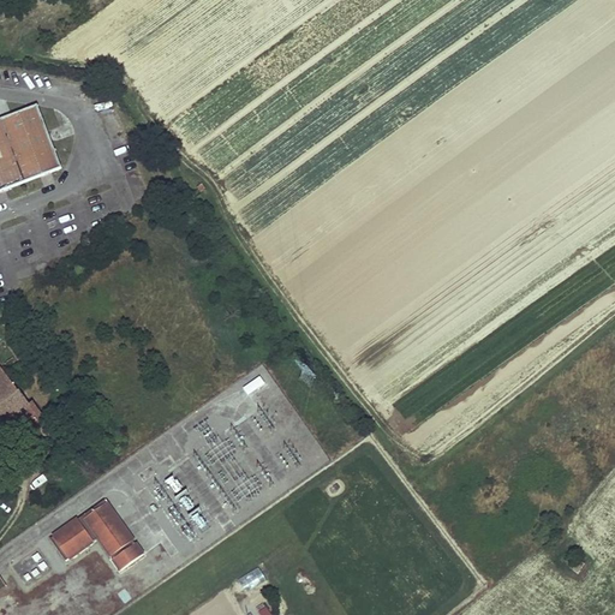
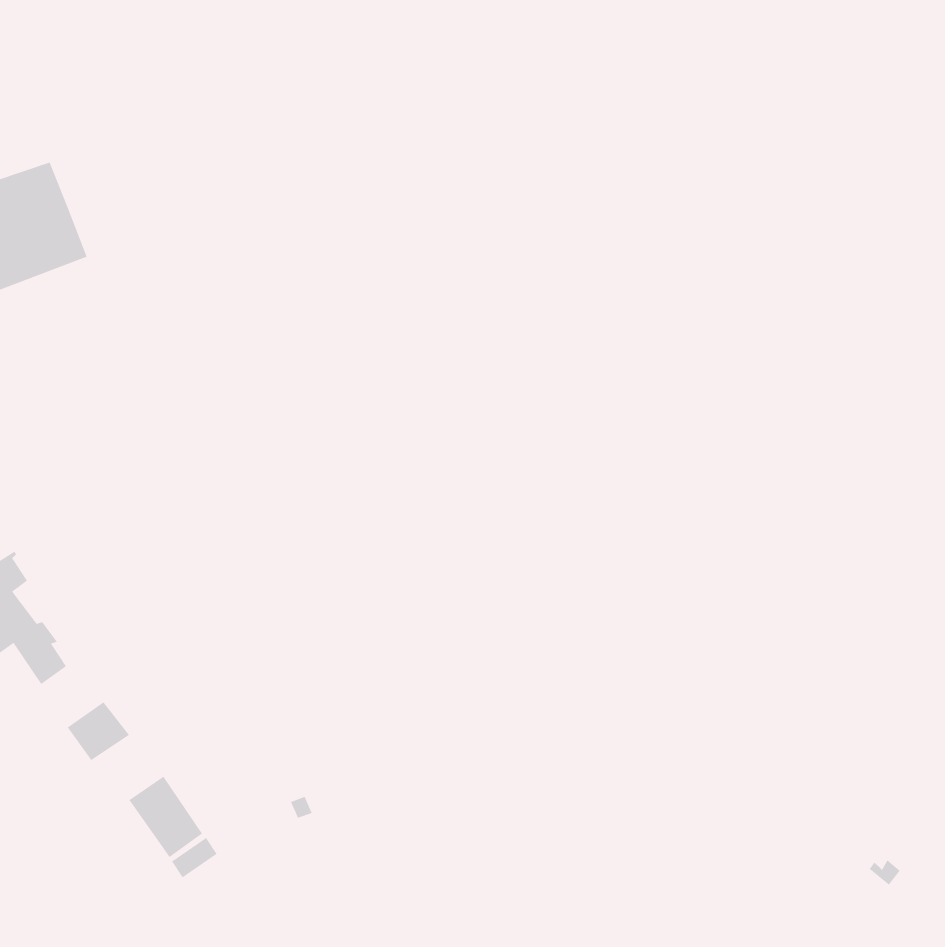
building: [52,518,92,556] -> [67,701,130,761]

